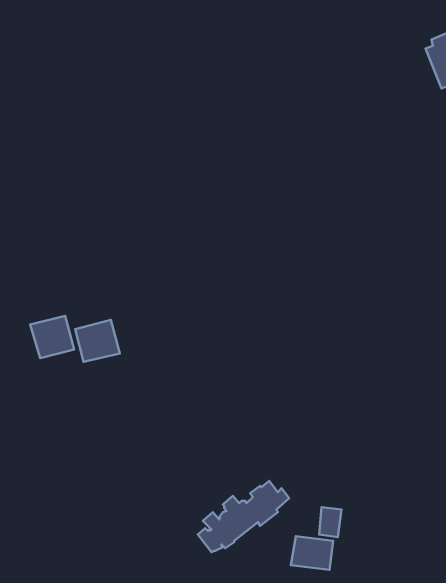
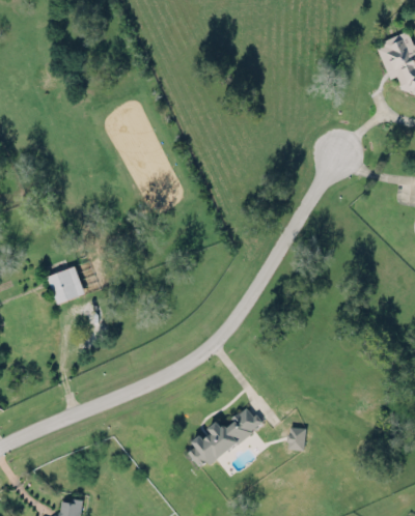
building: [75,320,120,362] -> none
building: [291,536,333,570] -> none

